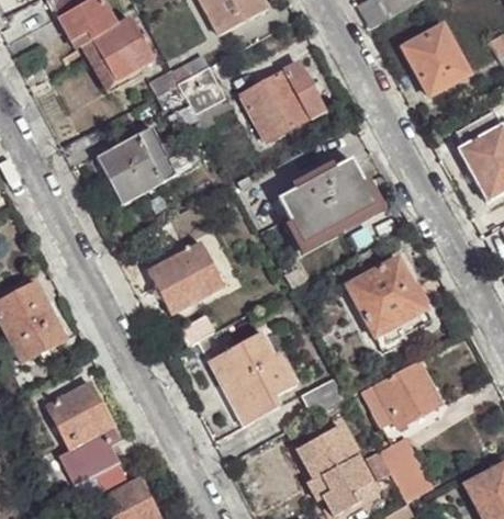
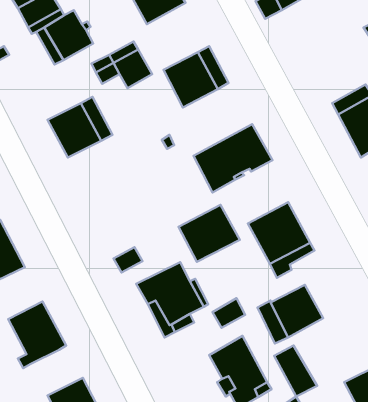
building: [403,25,470,97] -> none
building: [147,241,224,313] -> [178,205,240,262]
building: [65,442,121,487] -> none

